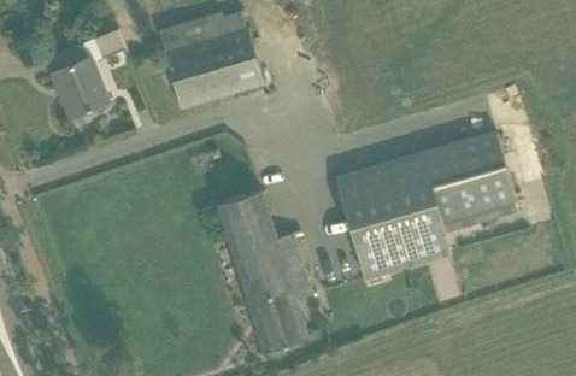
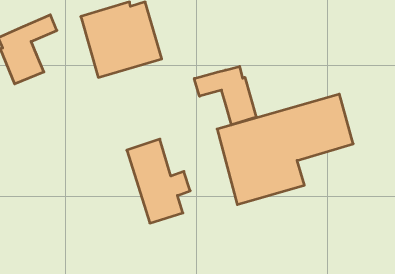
building: none -> [194,66,256,125]
building: [248,258,312,352] -> none

